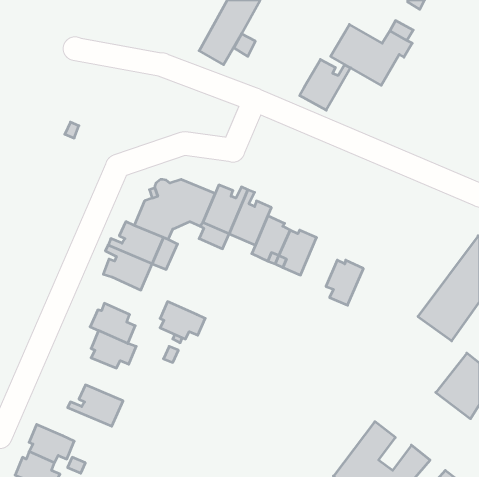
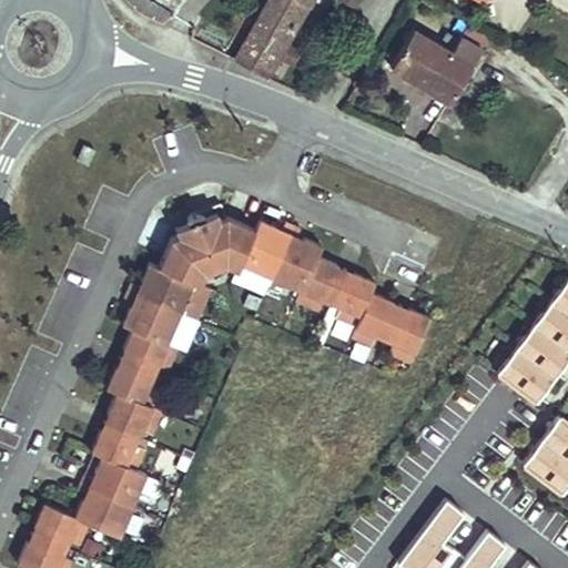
building: [300,59,351,110] -> none
building: none -> [352,294,399,347]
building: [160,302,205,339] -> [124,331,178,375]
building: none -> [92,426,145,473]
building: none -> [75,485,133,538]

